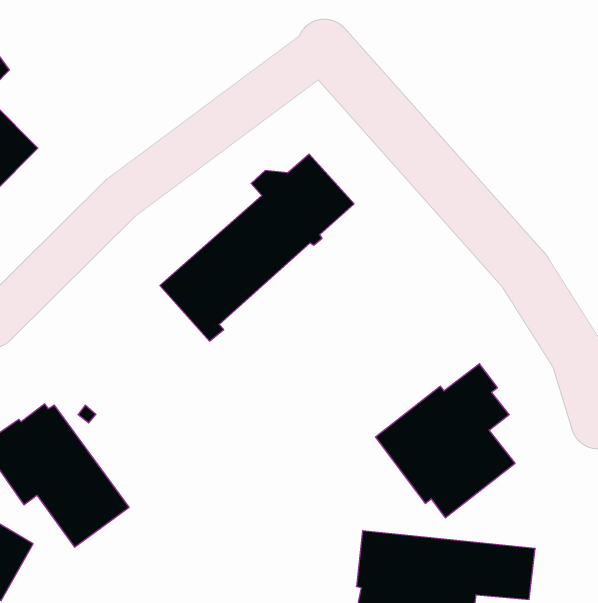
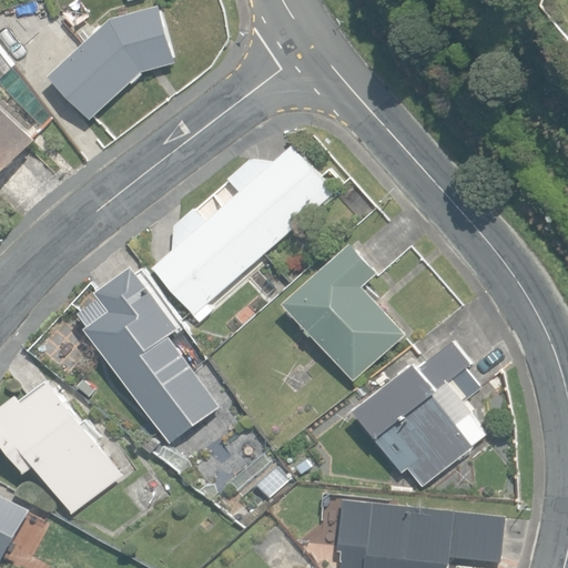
building: none -> [48,7,174,122]
building: none -> [282,243,404,382]
building: none -> [77,268,216,445]

